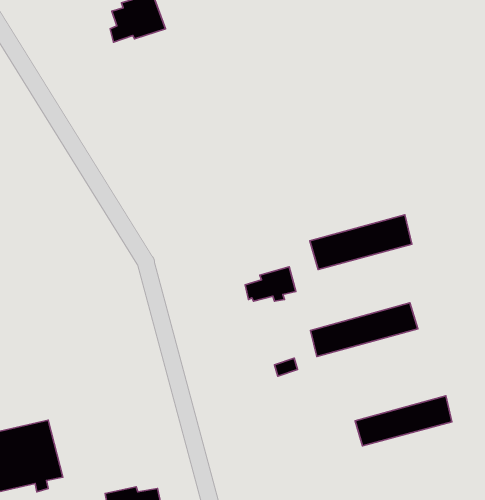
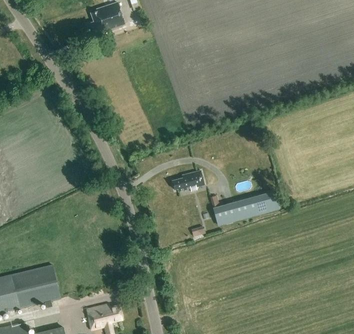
building: [310,215,412,269] -> none
building: [355,396,452,446] -> none

